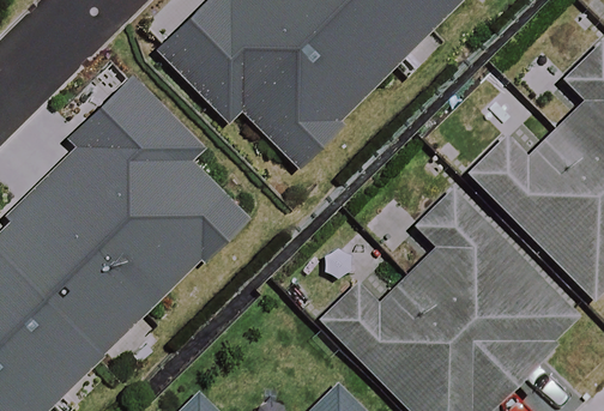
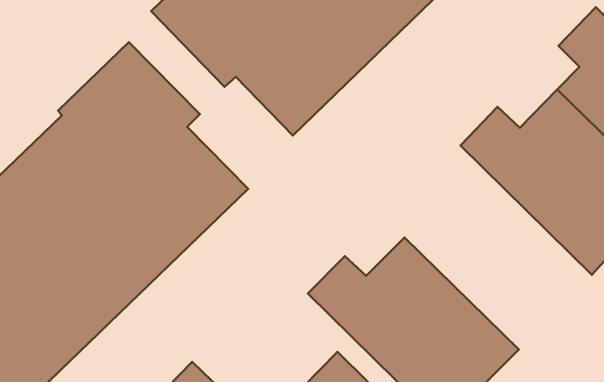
building: [404,189,568,375] -> none

